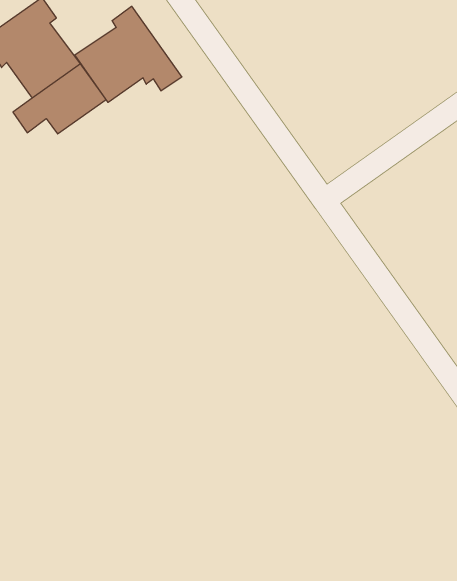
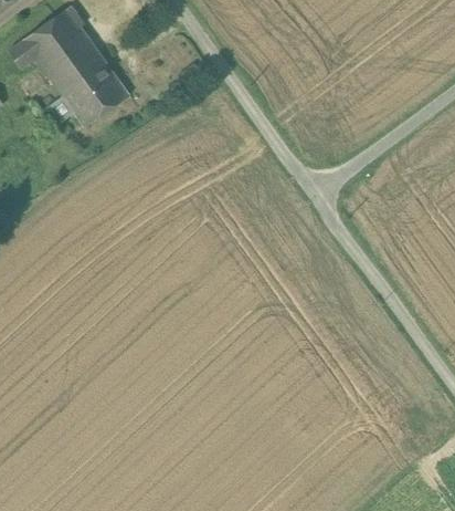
building: [75,6,182,102] -> none

